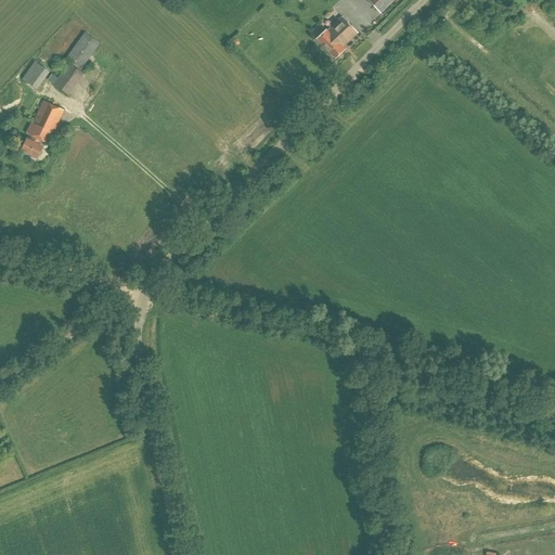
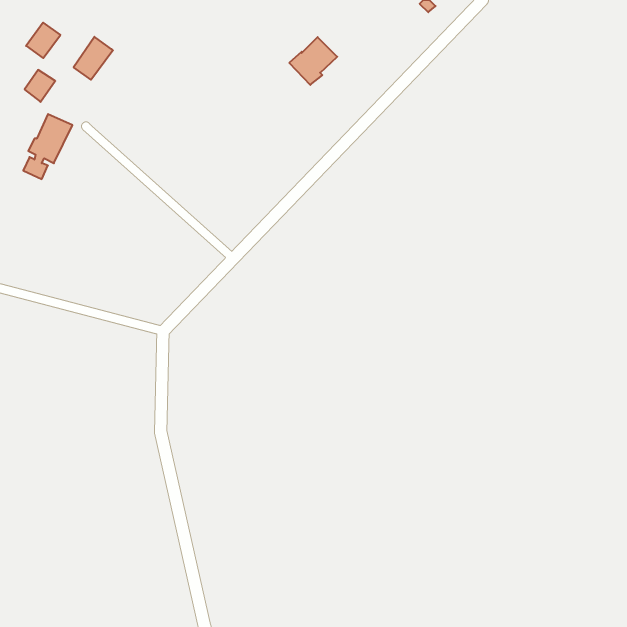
building: [315,16,358,59] -> [289,37,337,85]
building: [53,64,83,95] -> [26,23,60,58]

